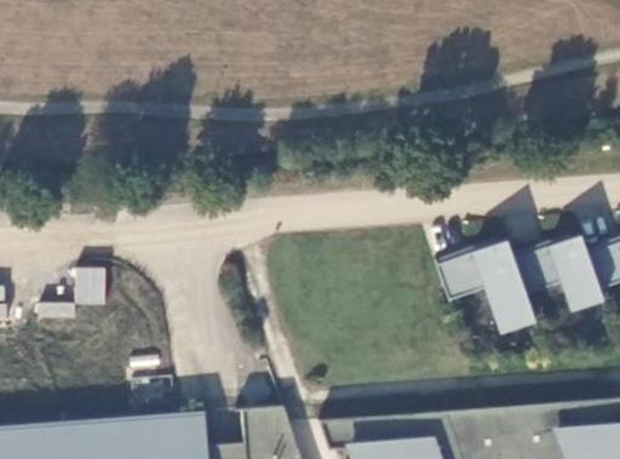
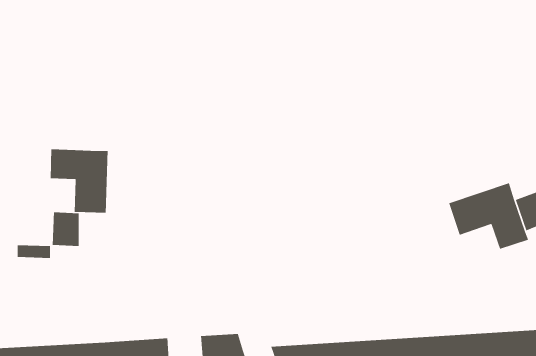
building: none -> [50,148,109,213]
building: [437,242,534,334] -> none

